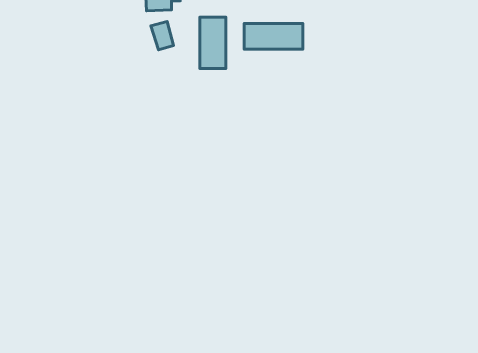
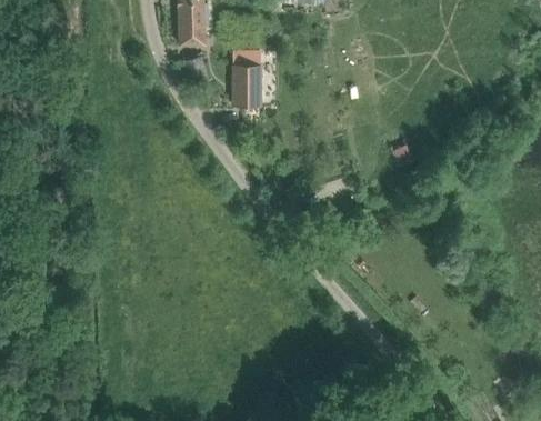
building: [244,23,303,49] -> none

